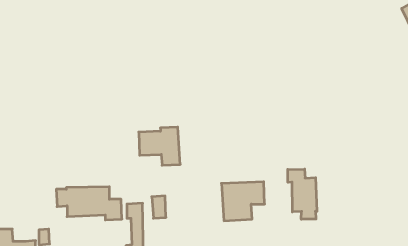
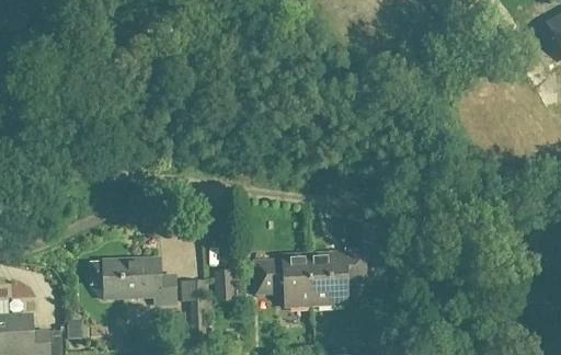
building: [139,127,180,165] -> [256,254,311,305]
building: [288,169,317,219] -> none

